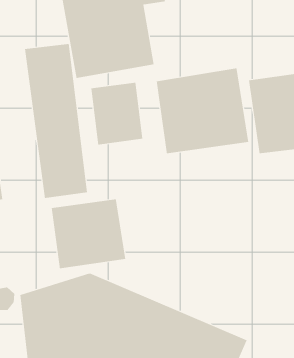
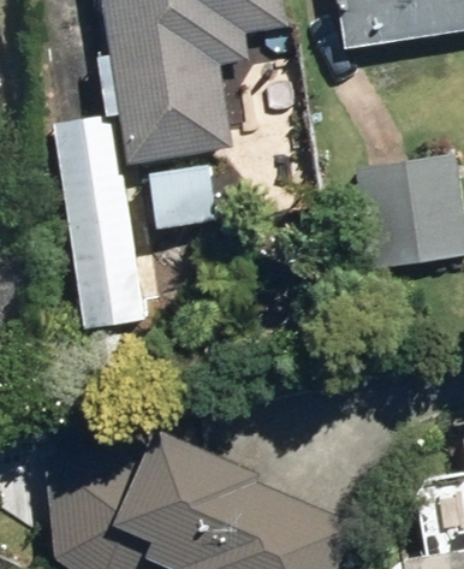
building: [156,68,249,154] -> none
building: [51,199,126,269] -> none

